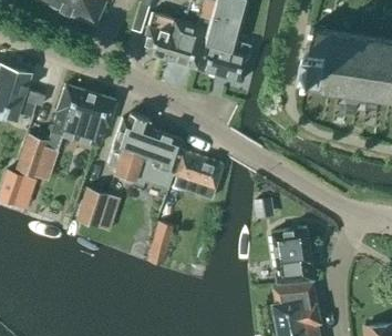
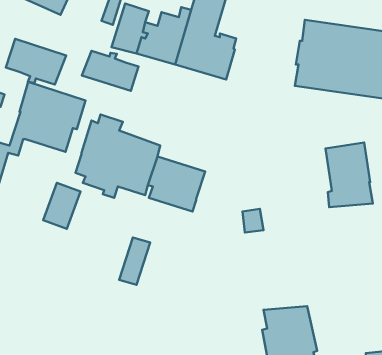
building: none -> [6,39,66,85]
building: none -> [82,51,138,91]
building: [274,228,316,286] -> [325,142,373,207]

